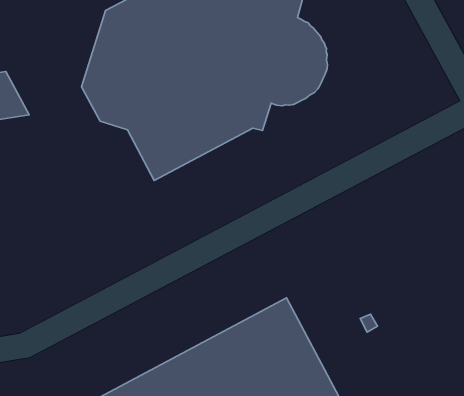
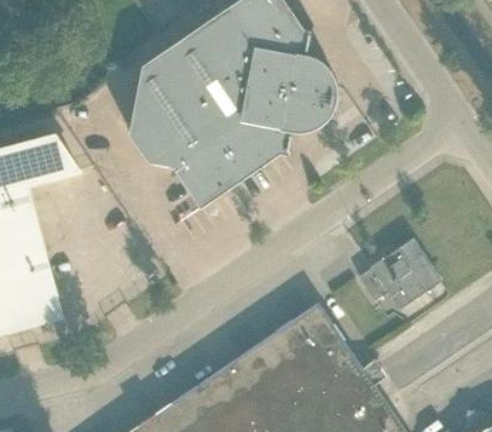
building: none -> [361,241,445,312]

